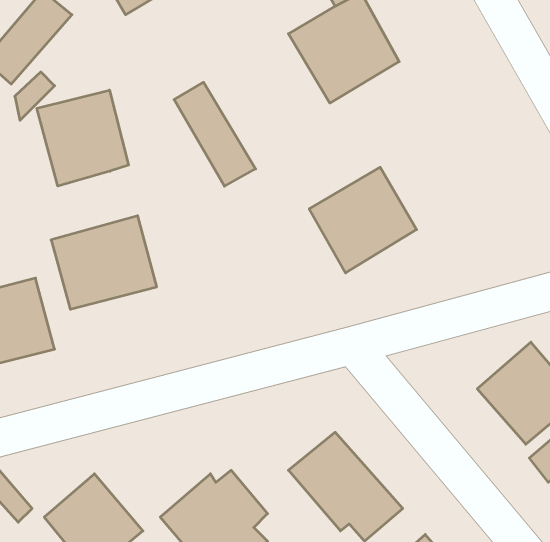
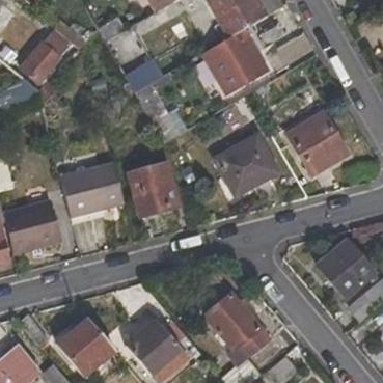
building: [37,90,129,186] -> none
building: none -> [286,110,349,174]
building: none -> [129,163,177,216]

